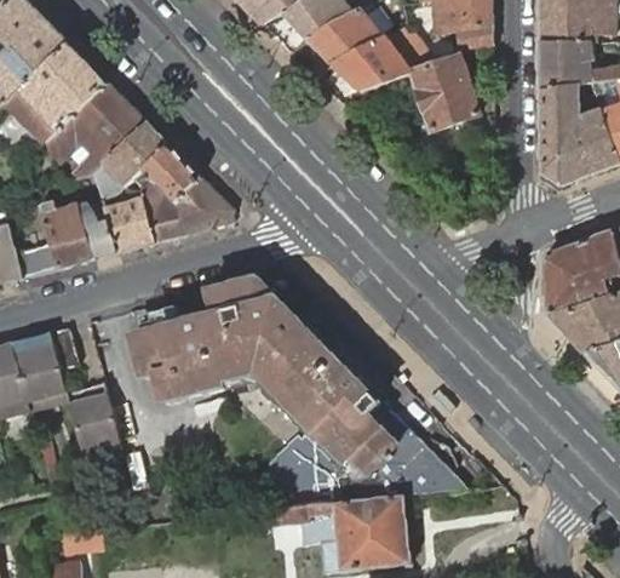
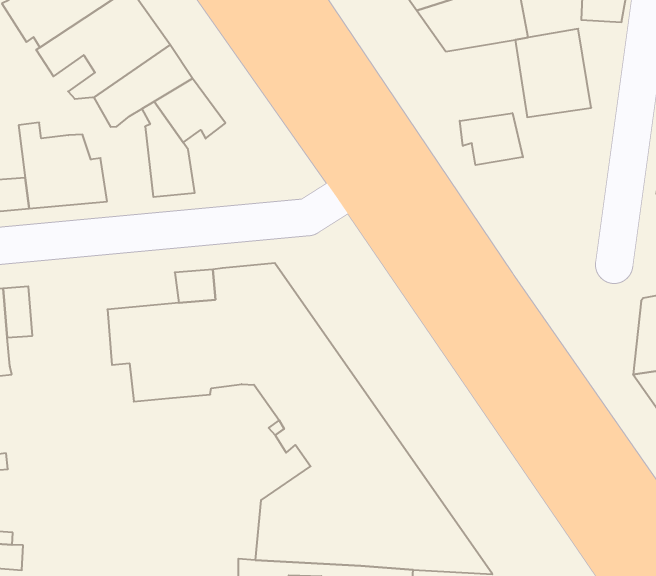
building: none -> [460,113,523,165]
building: [168,174,232,233] -> none
building: [101,188,153,251] -> none
building: [64,382,120,458] -> none

